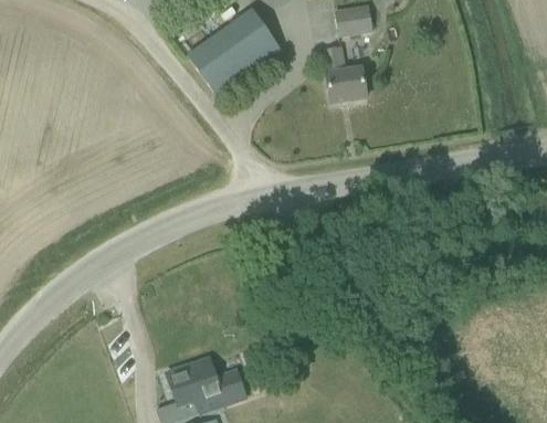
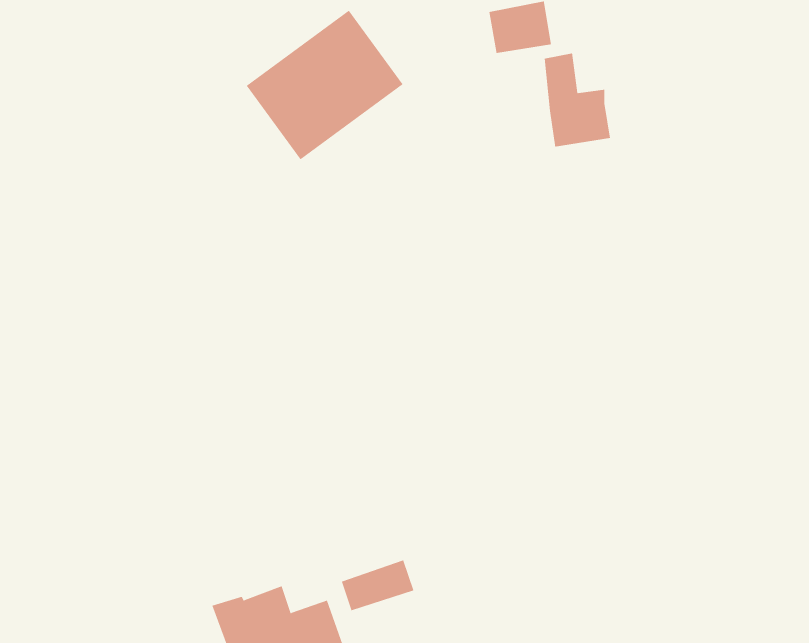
building: [324,44,365,102] -> [544,53,611,147]
building: none -> [341,559,414,611]

